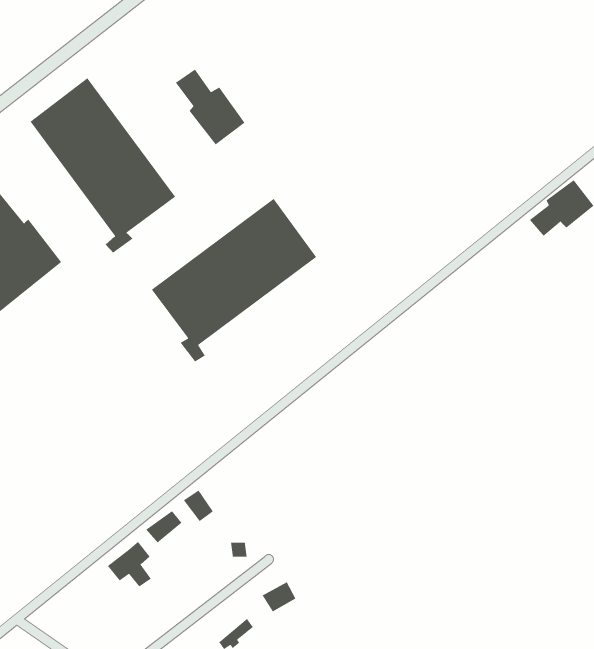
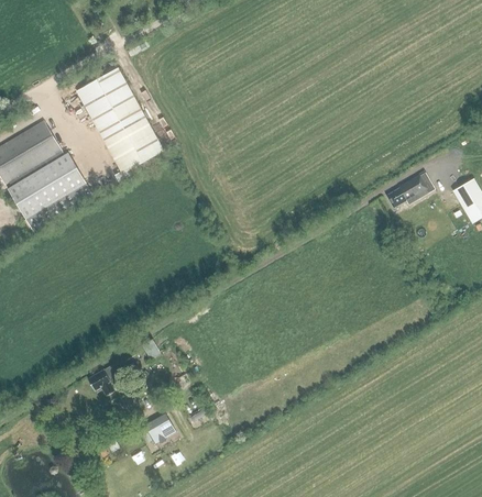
building: [175,69,246,145] -> none
building: [151,198,317,363] -> none

